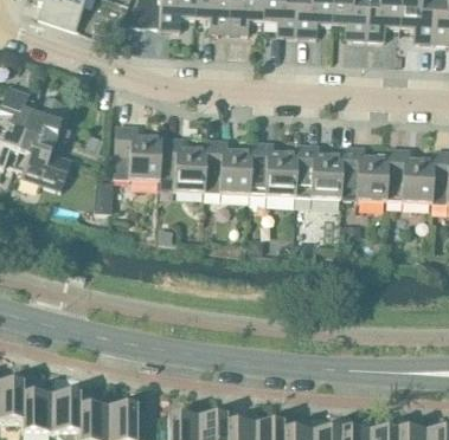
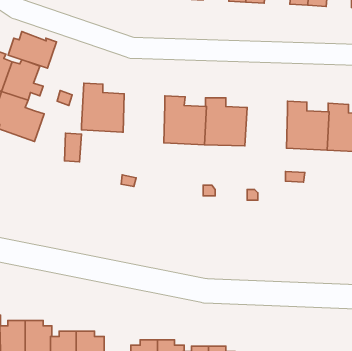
building: none -> [8,32,56,68]
building: [159,137,206,192] -> none
building: [295,143,342,198] -> none

